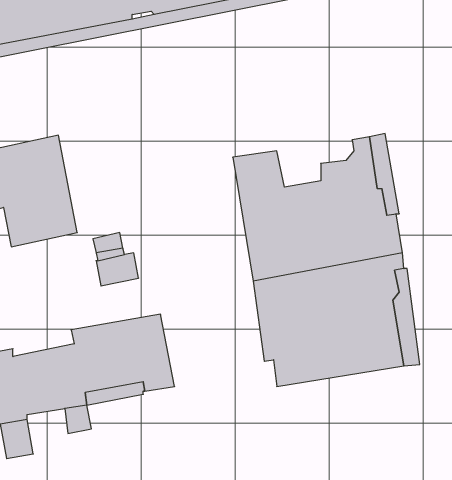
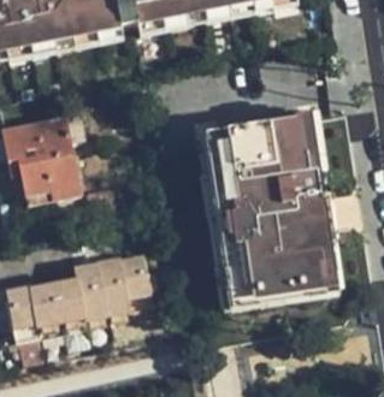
building: none -> [230,120,289,156]

